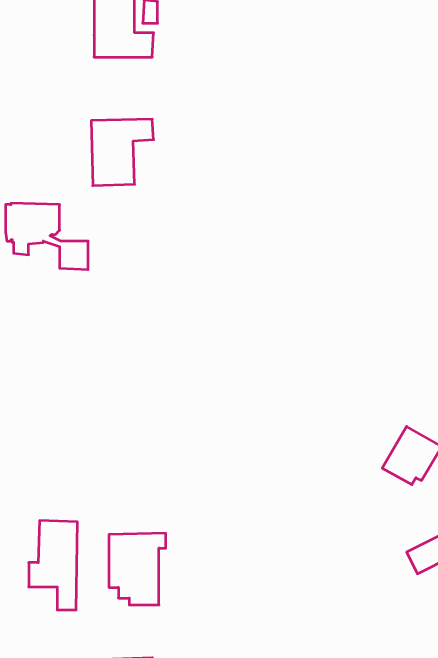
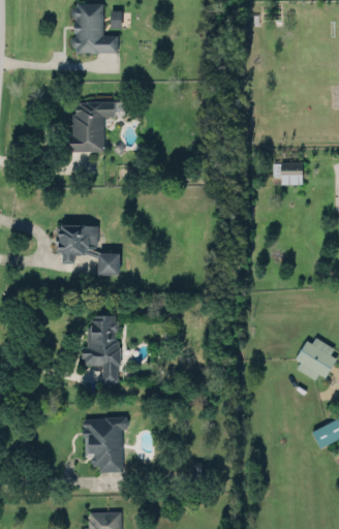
building: none -> [273,162,303,185]
building: [6,203,88,270] -> [58,224,121,275]
building: [29,521,77,610] -> [82,315,119,383]

